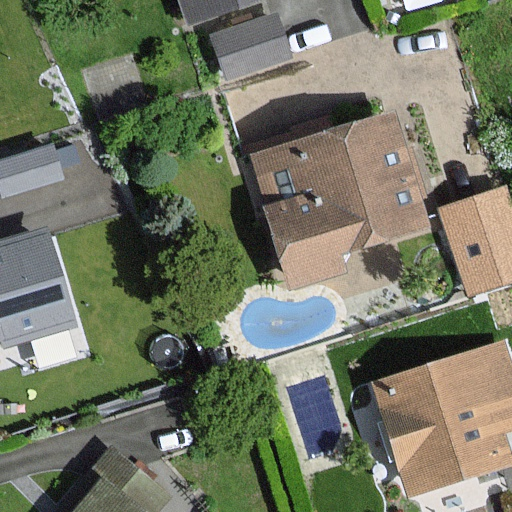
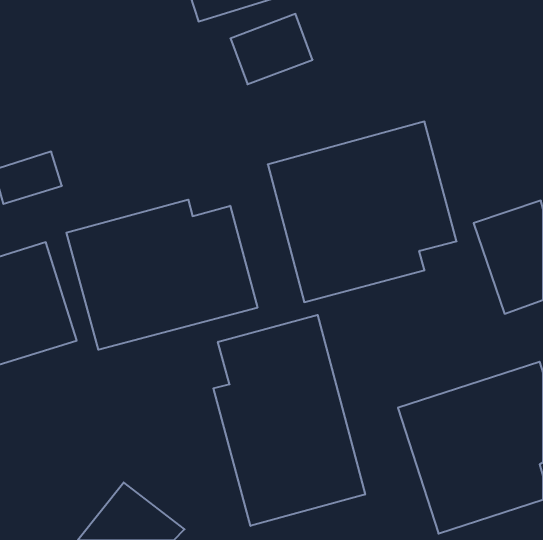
building: none -> [66,200,257,350]
building: none -> [213,315,365,526]

